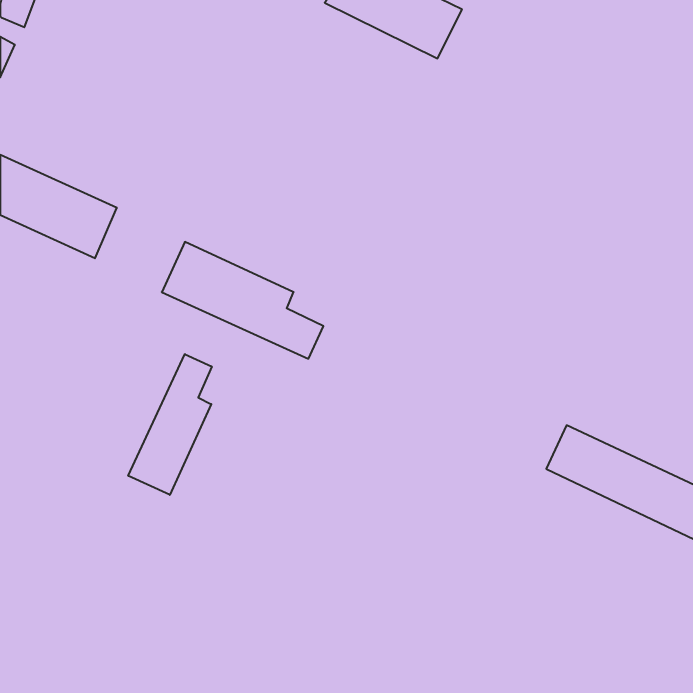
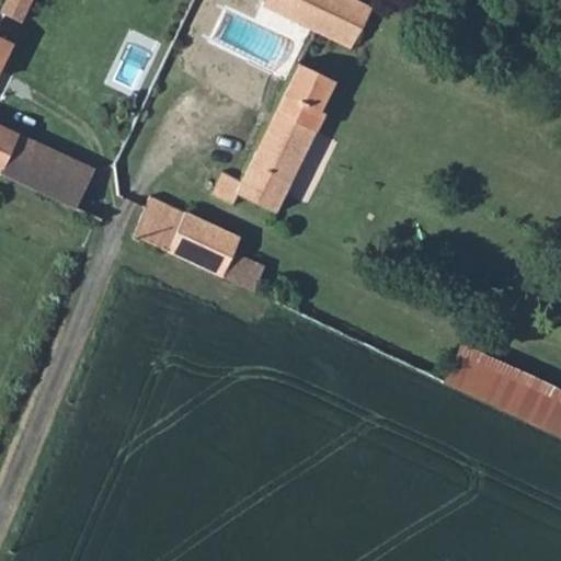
building: none -> [214,61,336,215]
building: [128,354,212,495] -> none

